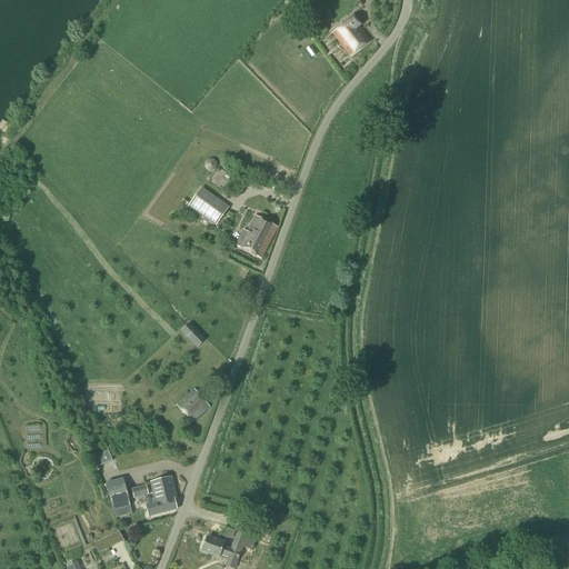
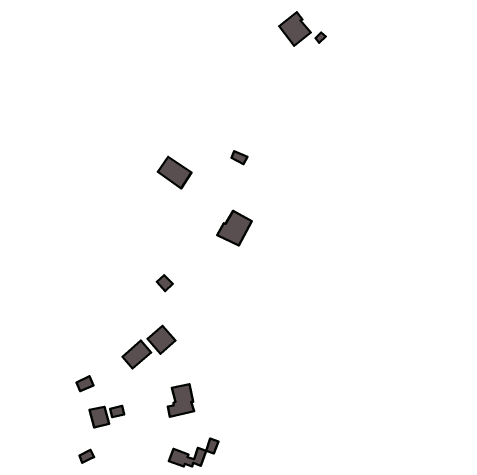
building: [236,214,277,256] -> [217,211,252,245]
building: none -> [122,341,151,369]
building: [146,476,177,515] -> [168,384,194,417]

